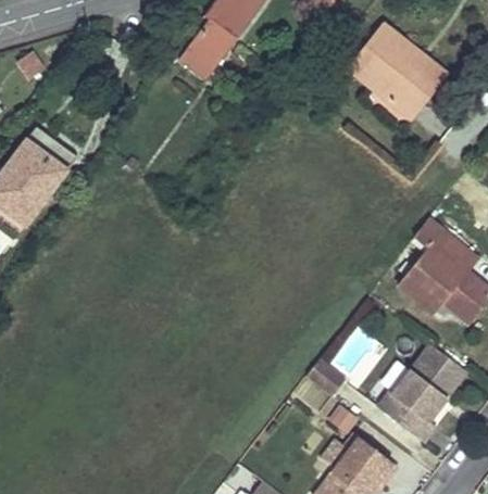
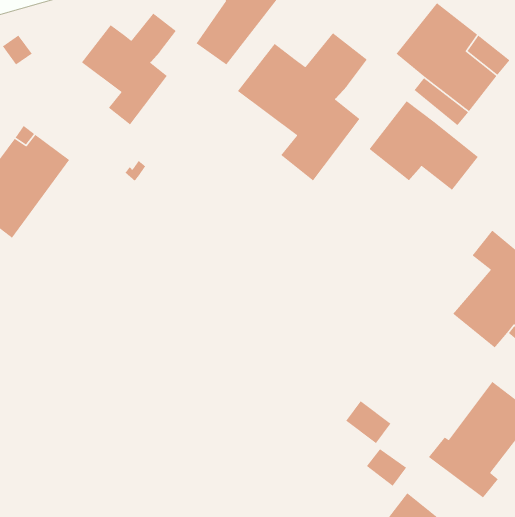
building: none -> [81,12,177,126]
building: none -> [237,32,368,181]
building: none -> [368,100,479,191]

